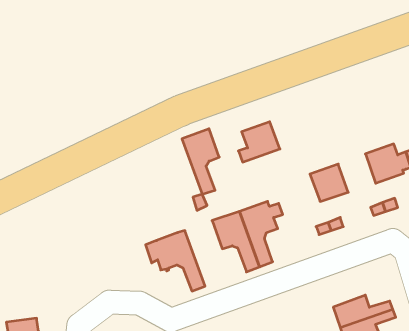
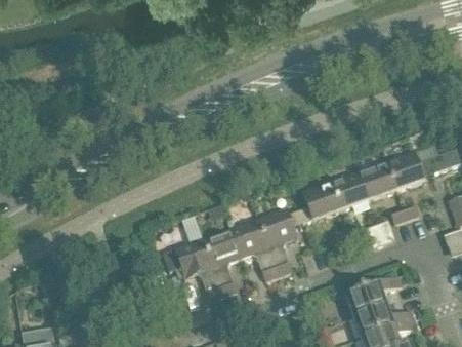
building: [238,122,280,162] -> [298,182,340,223]
building: [182,129,219,194] -> [203,229,241,296]
building: none -> [359,161,396,200]
building: none -> [345,276,402,317]

